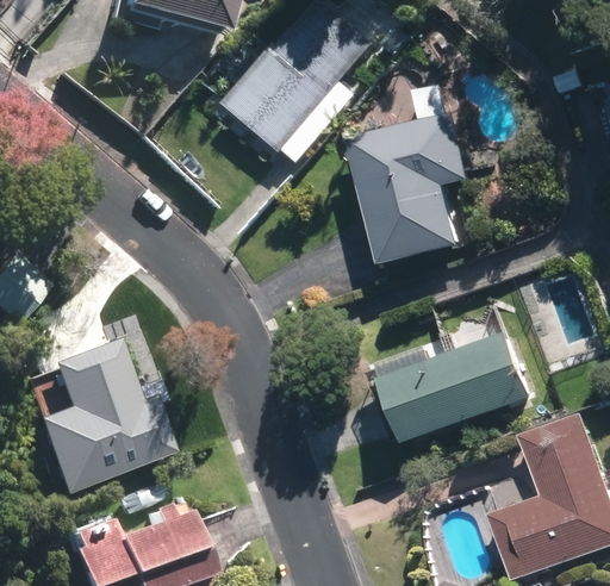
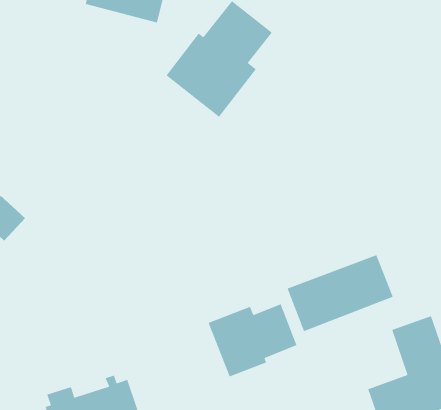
building: [351,117,466,263] -> none
building: [41,333,162,478] -> none
building: none -> [208,303,297,378]

